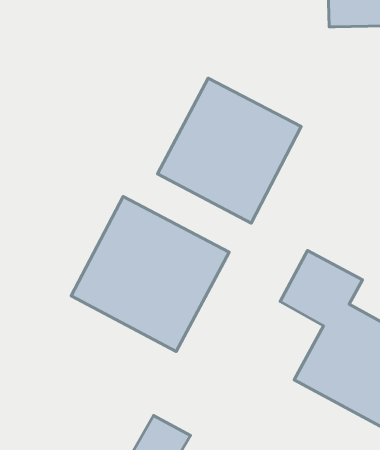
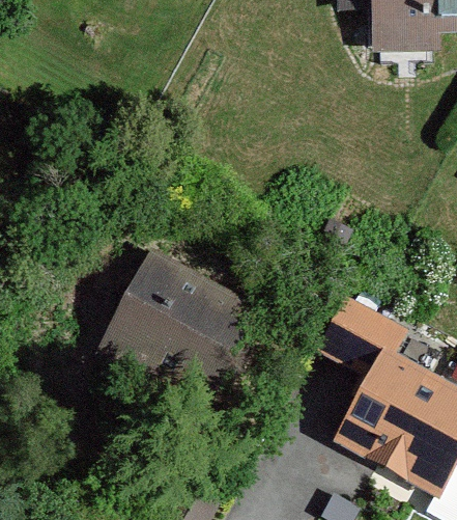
building: [157,78,301,223] -> none

